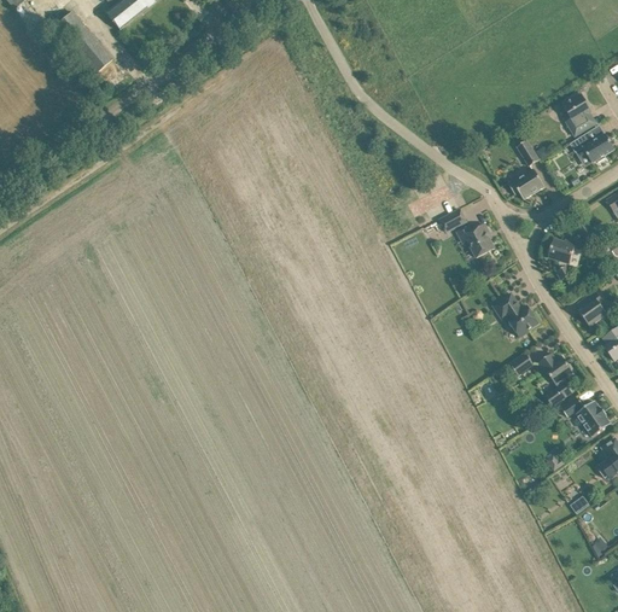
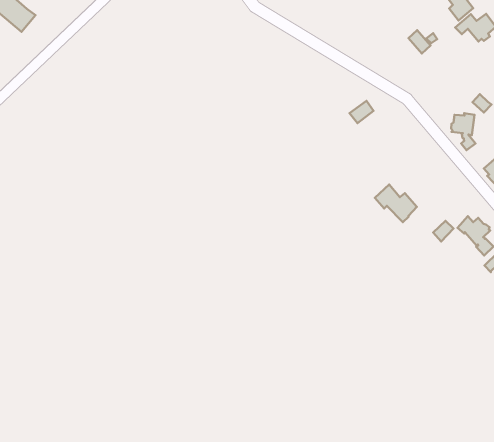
building: [509,167,544,198] -> none
building: [457,223,495,256] -> none
building: [494,292,538,336] -> [375,185,417,222]

